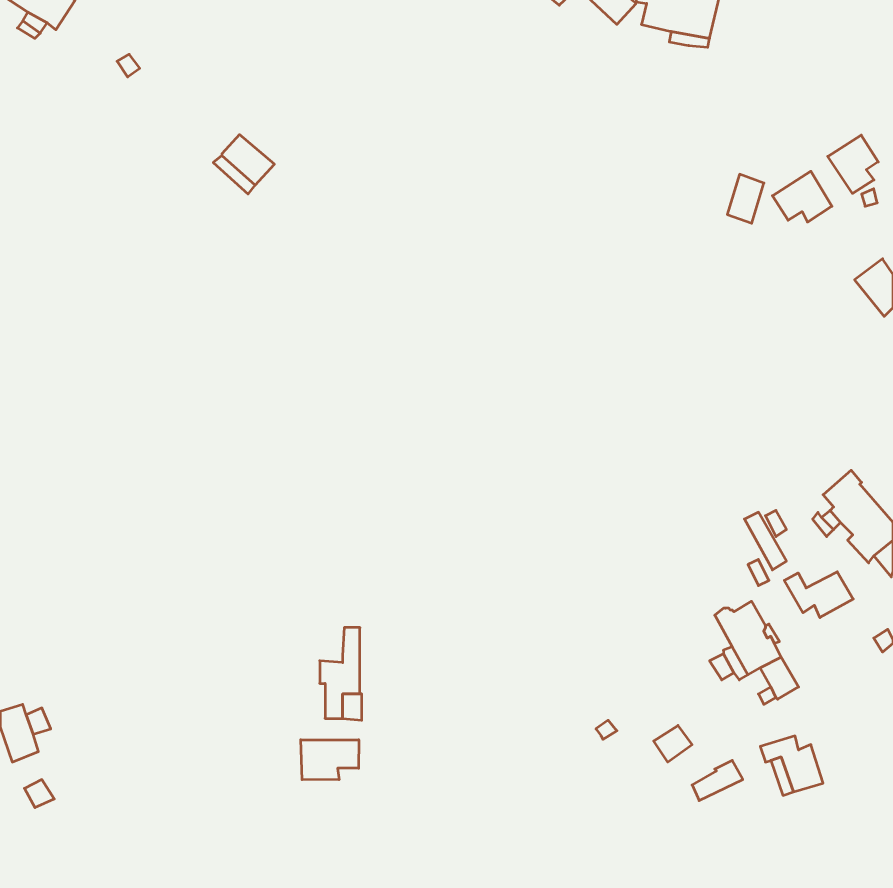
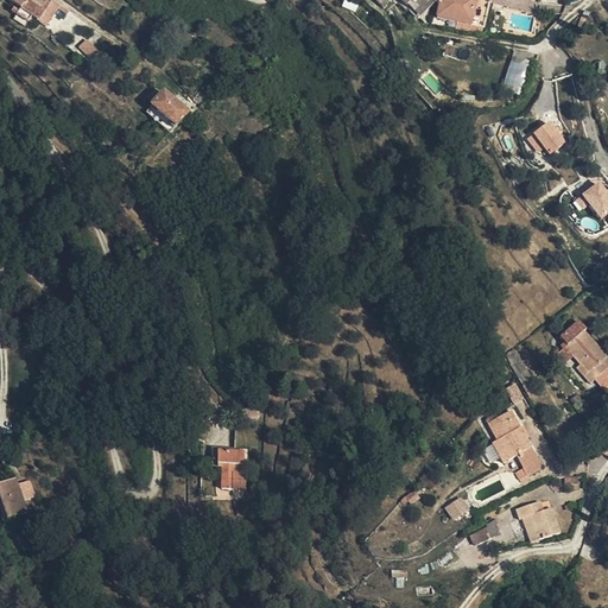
building: [828,135,878,193] -> none
building: [727,174,764,223] -> [502,55,527,88]
building: [784,572,853,618] -> none
building: [301,740,359,780] -> none

